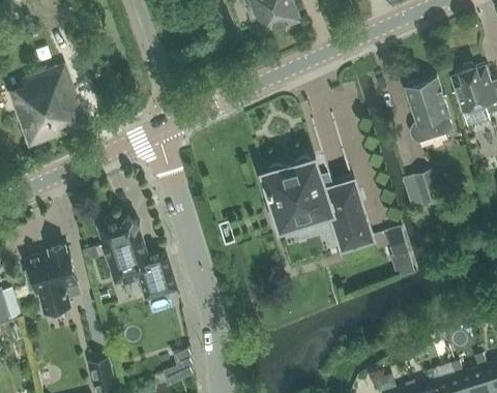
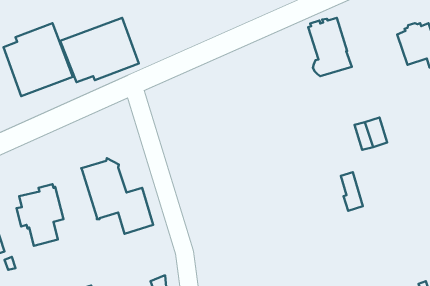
building: none -> [60,18,139,82]
building: [405,78,454,143] -> [308,18,352,76]
building: [263,157,372,250] -> none

